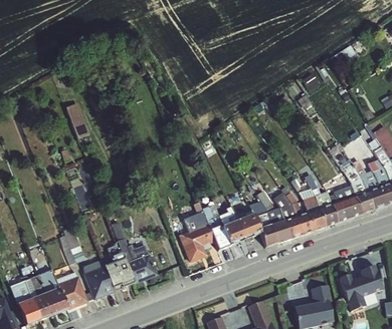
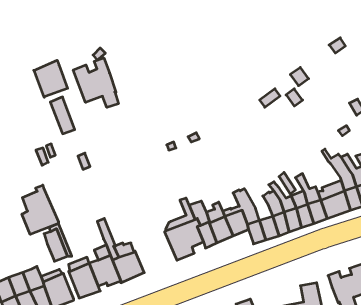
building: none -> [73,58,118,107]
building: none -> [34,60,68,97]
building: none -> [22,185,59,234]
building: [257,190,284,224] -> none

